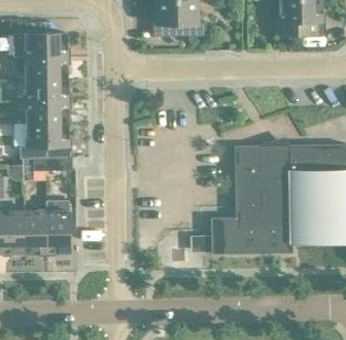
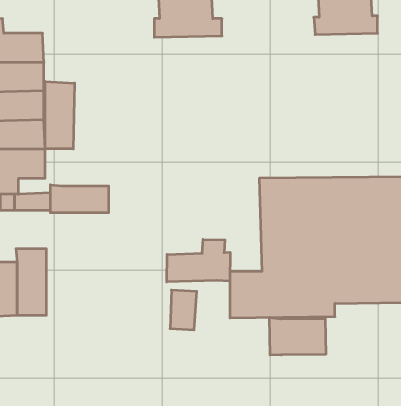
building: none -> [45,81,75,149]
building: none -> [50,185,109,213]
building: none -> [167,239,230,282]
building: none -> [270,317,326,355]

